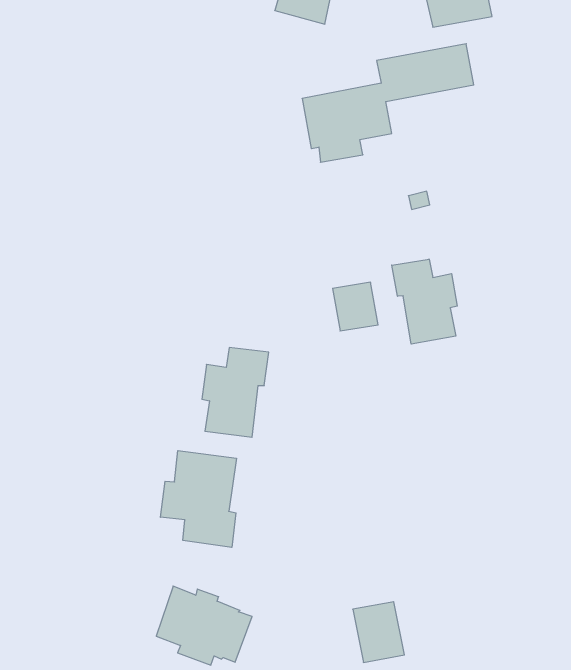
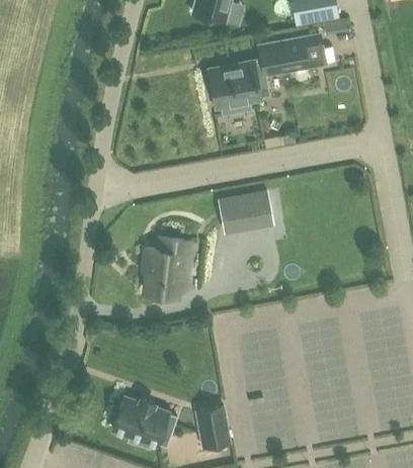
building: [392,259,457,344] -> none
building: [160,451,236,547] -> none
building: [353,602,404,662] -> [195,406,230,447]

